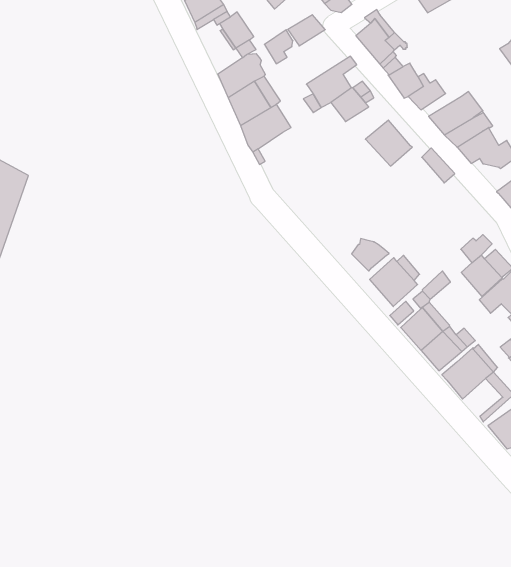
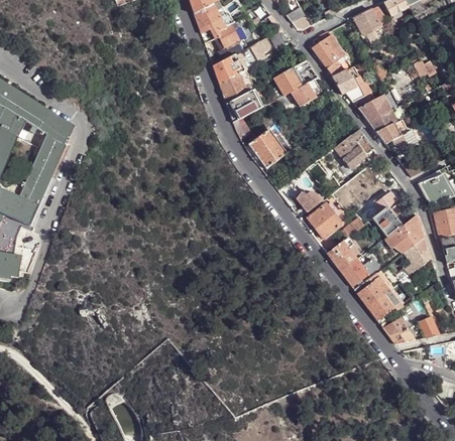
building: [365,120,412,166] -> [334,136,366,168]
building: none -> [248,130,287,169]
building: none -> [366,294,394,320]

